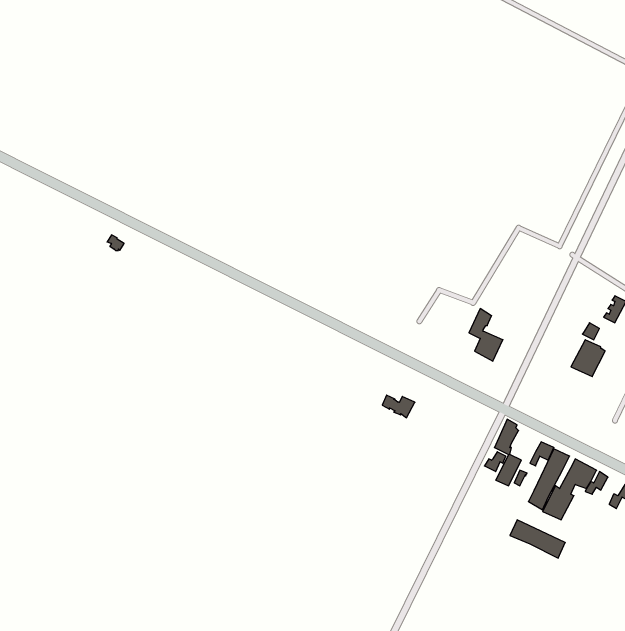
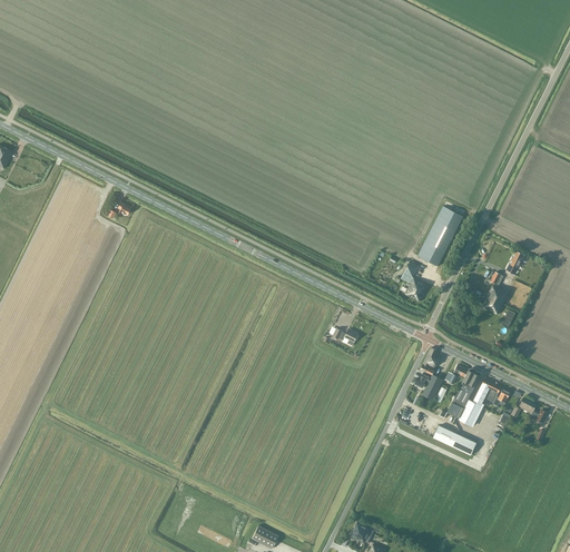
building: none -> [417,206,463,266]

